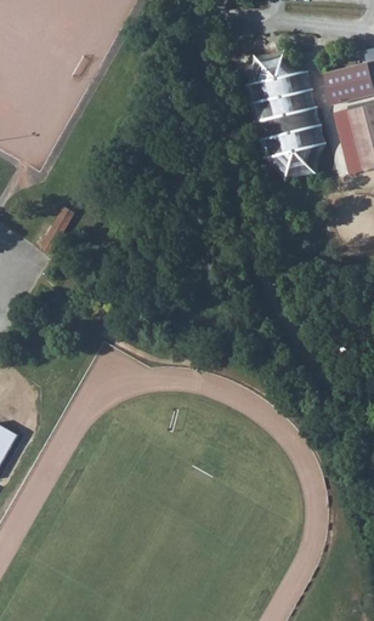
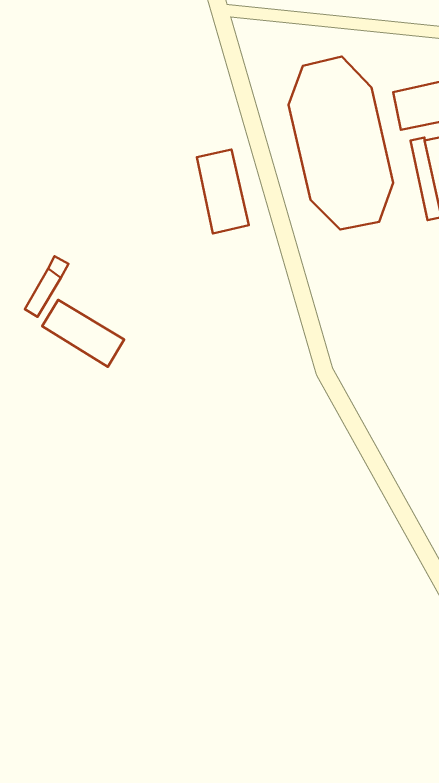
building: none -> [197,149,249,234]
building: none -> [42,300,124,367]

